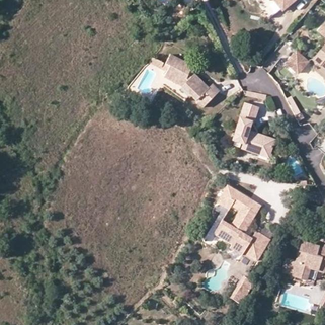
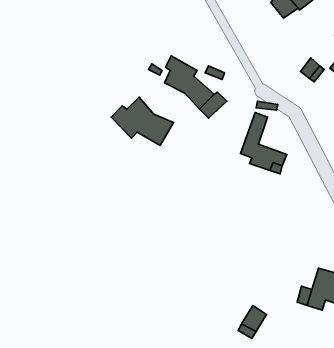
building: none -> [111,97,173,145]
building: [216,183,269,258] -> none

